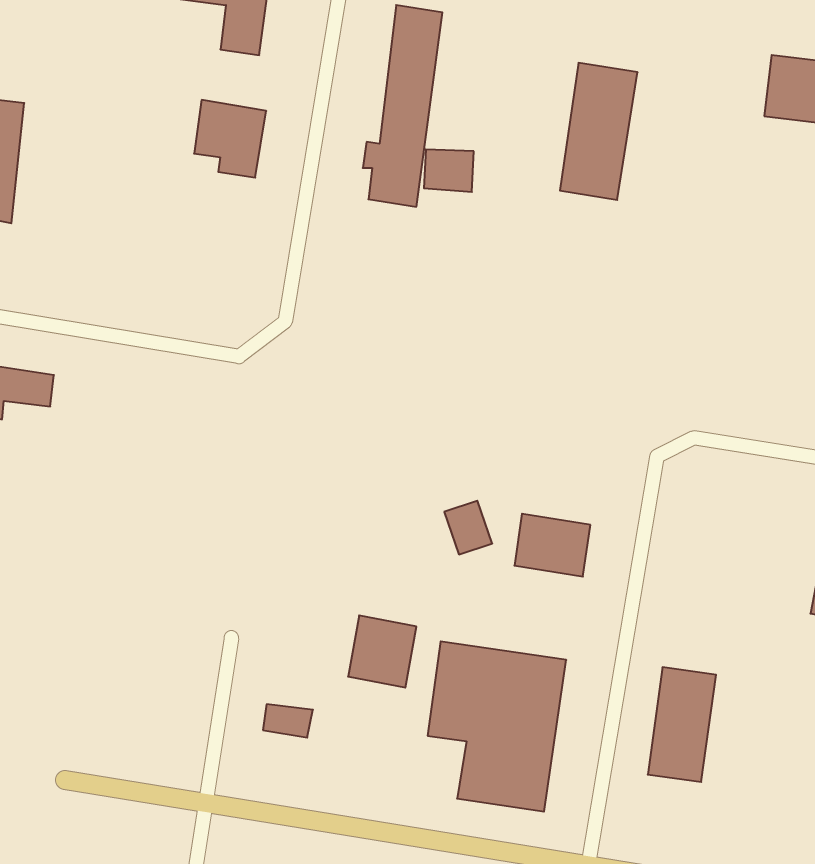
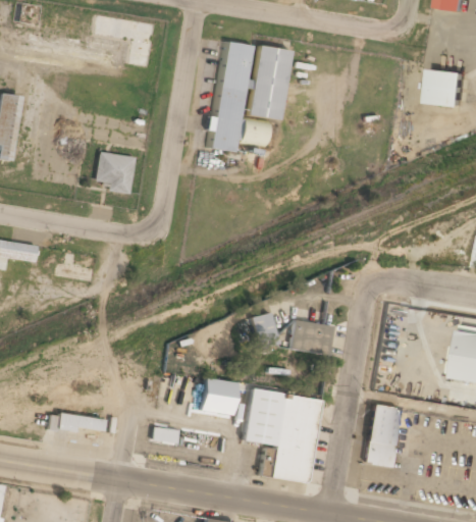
building: [560,63,638,200] -> [249,45,292,120]
building: [194,100,266,178] -> [97,151,137,194]
building: none -> [50,412,106,434]

